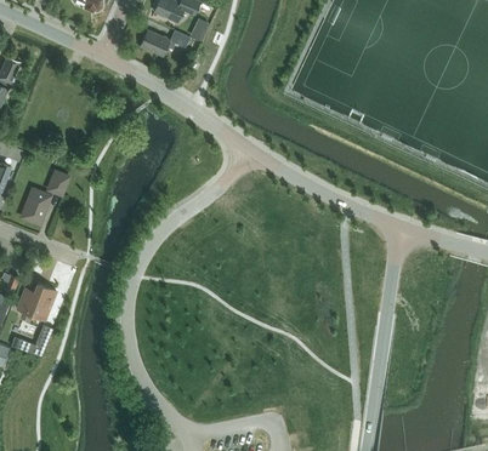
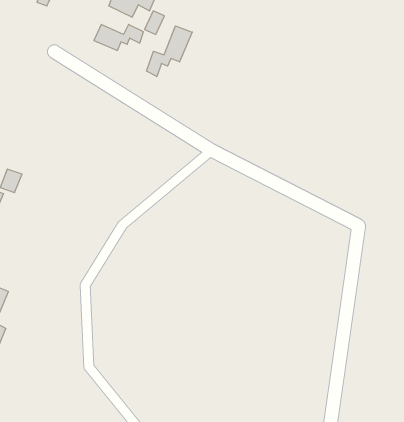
building: none -> [146,26,192,77]

